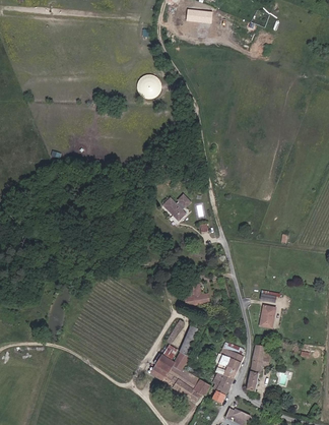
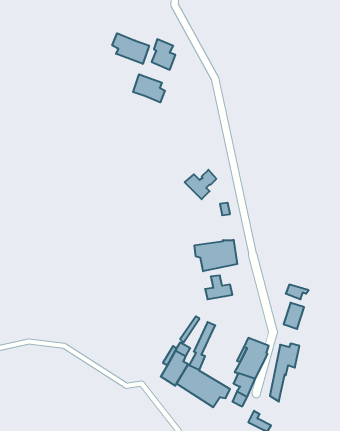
building: none -> [112,33,149,64]
building: none -> [133,74,165,102]
building: none -> [195,240,237,271]

